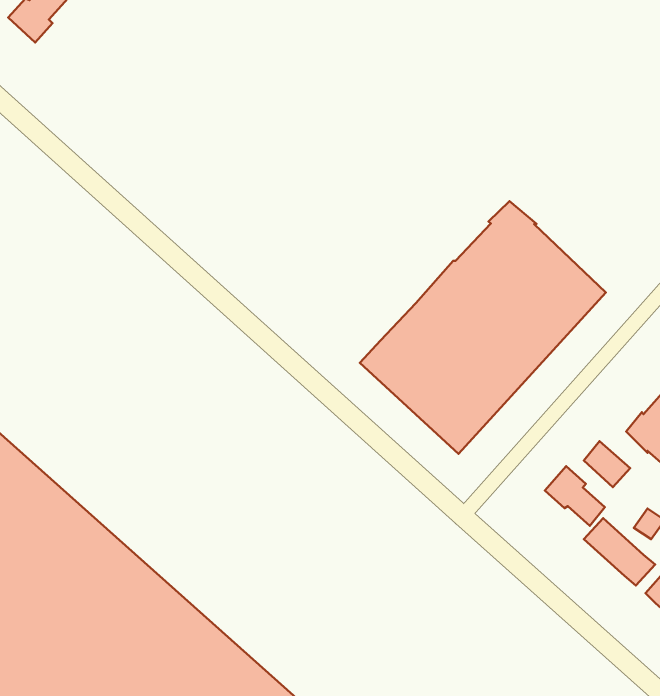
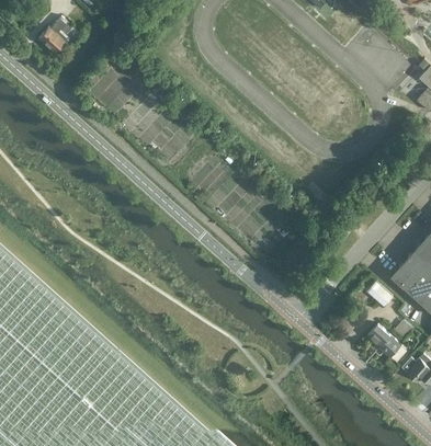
building: [360,201,606,454] -> none
building: [545,466,605,526] -> none

